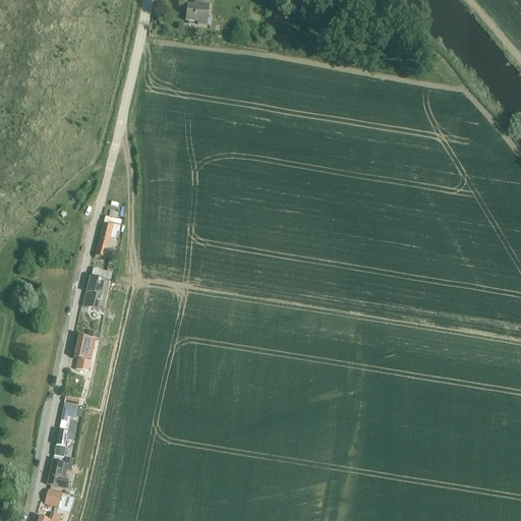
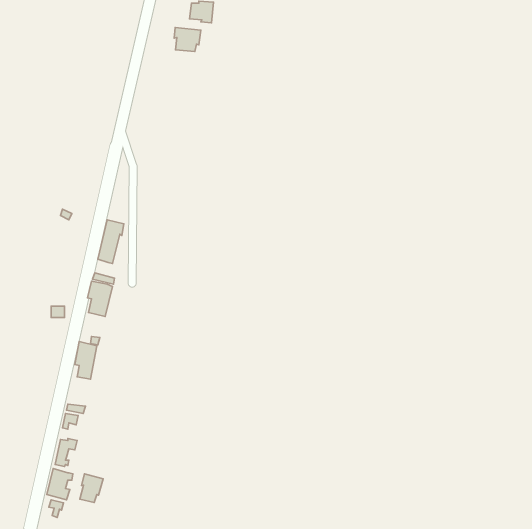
building: none -> [174,28,201,51]
building: none -> [80,474,103,502]

